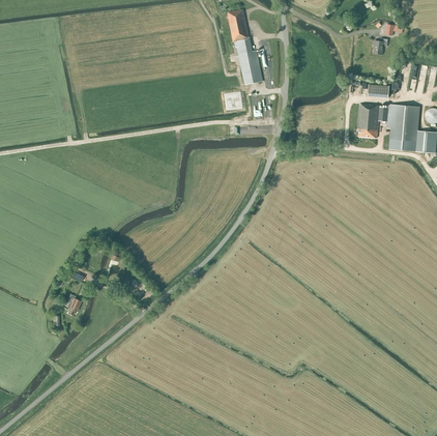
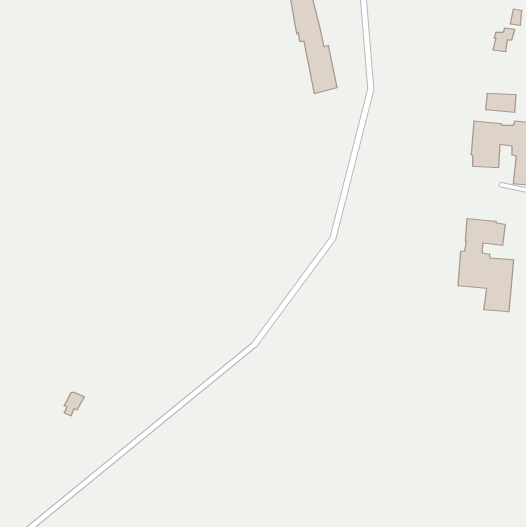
building: none -> [458,219,514,312]

